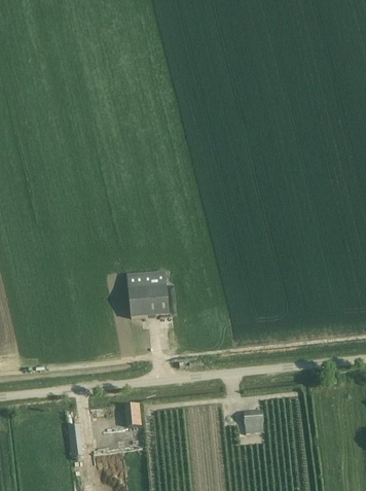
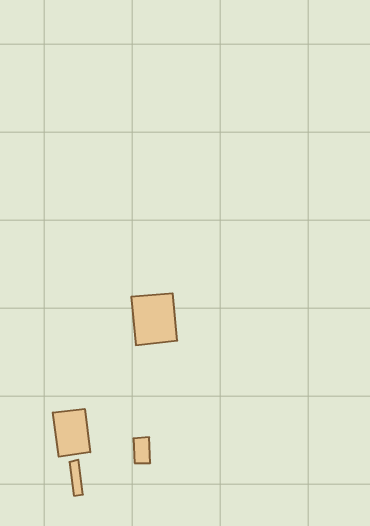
building: none -> [53,409,90,457]
building: [243,411,262,434] -> none

